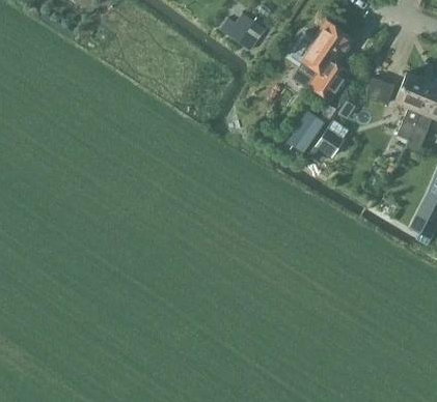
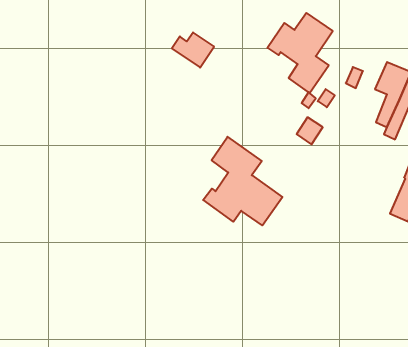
building: [220,13,264,50] -> [172,32,214,68]
building: [286,110,324,152] -> none
building: none -> [203,137,282,225]

